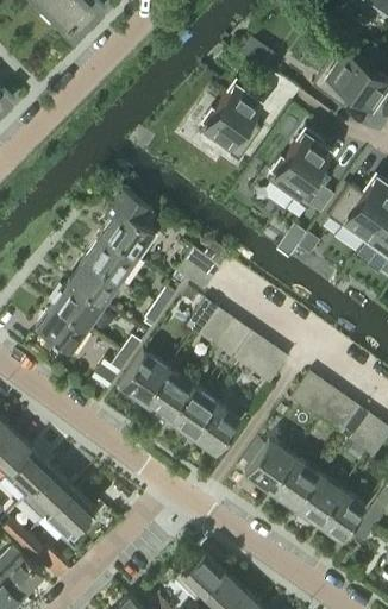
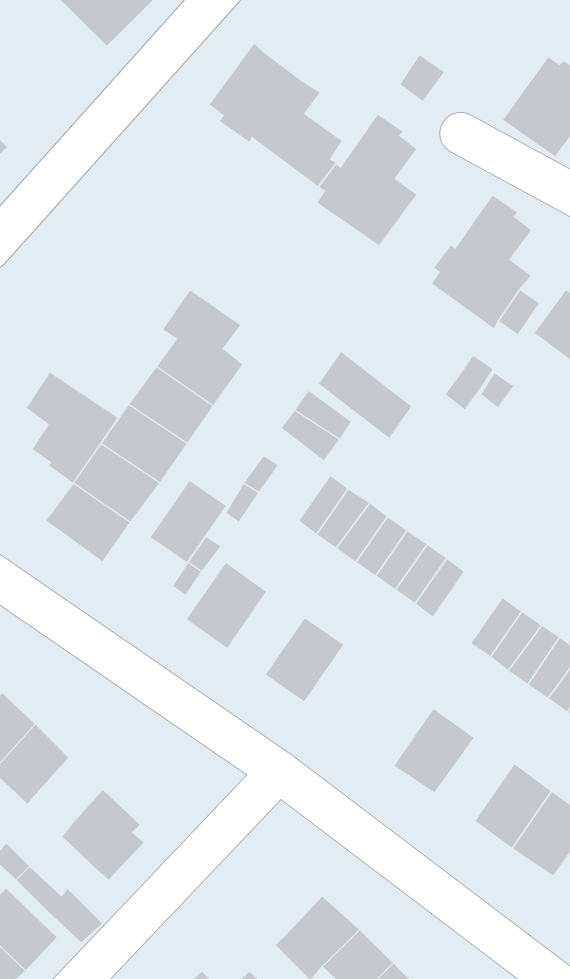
building: none -> [209,43,343,187]
building: none -> [318,351,412,439]
building: none -> [26,372,118,483]
building: [145,369,192,419] -> [150,480,227,563]
building: [192,401,240,453] -> none
building: [270,457,318,507] -> none
building: [23,469,70,519] -> none

